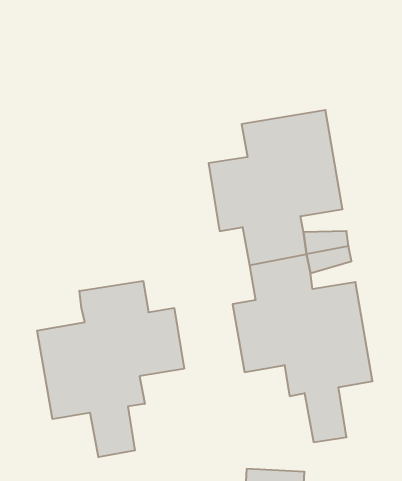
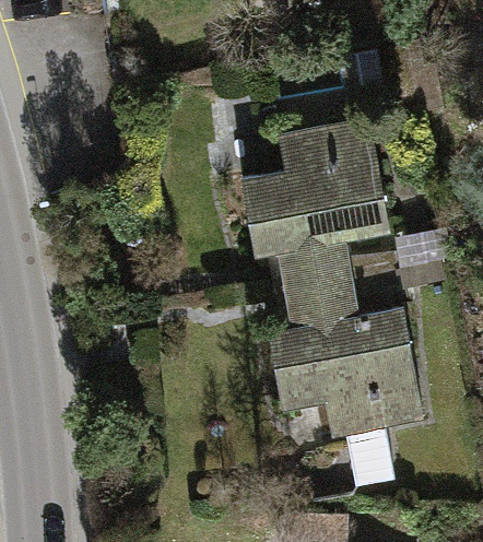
building: [37,281,184,457] -> none

